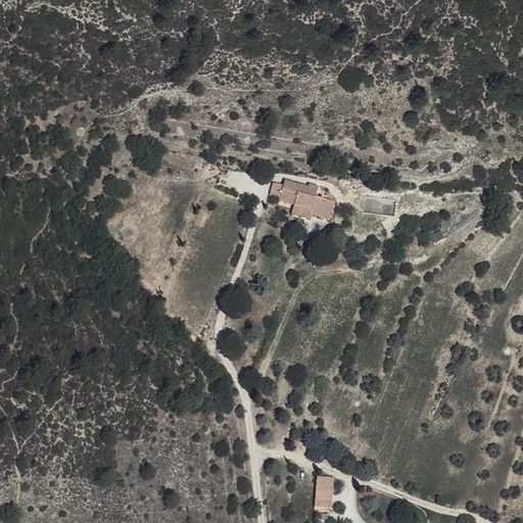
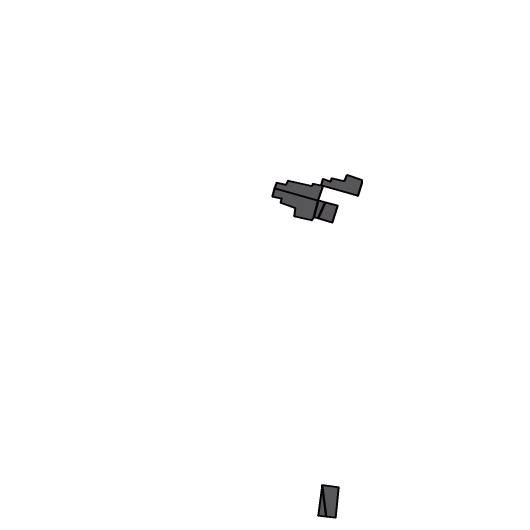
building: none -> [321,175,362,196]

